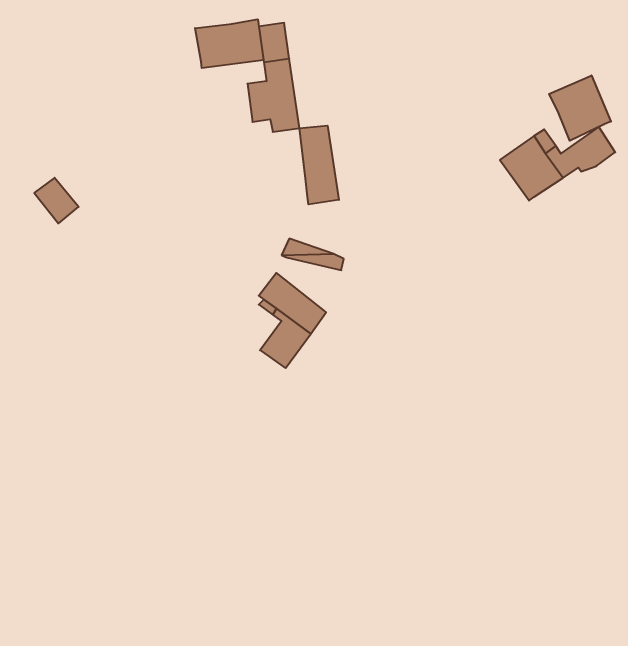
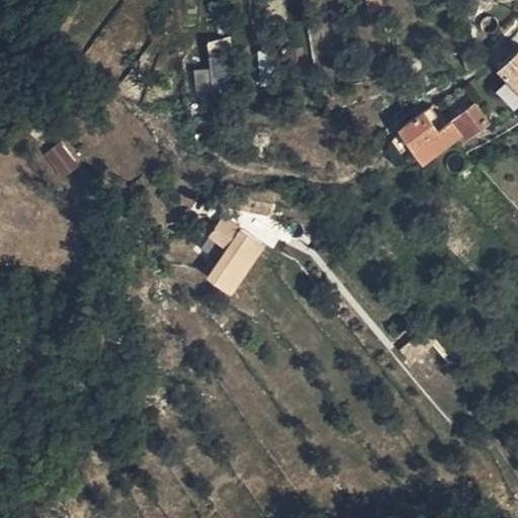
building: [195,19,263,68] -> none
building: [549,75,611,141] -> none
building: [299,126,339,204] -> none

